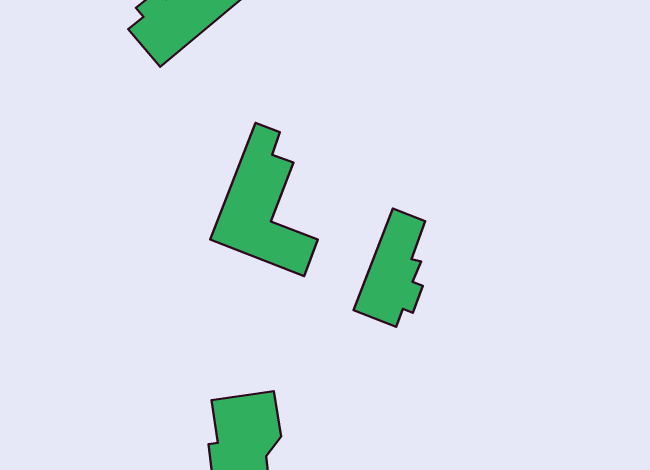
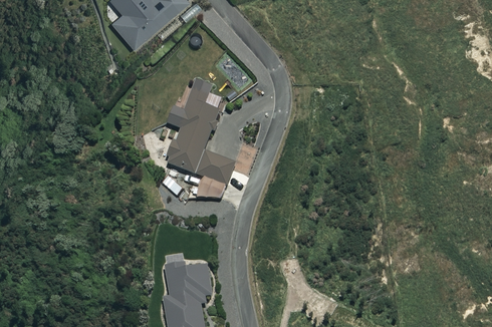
building: [353,209,425,327] -> none
building: none -> [196,178,227,199]

